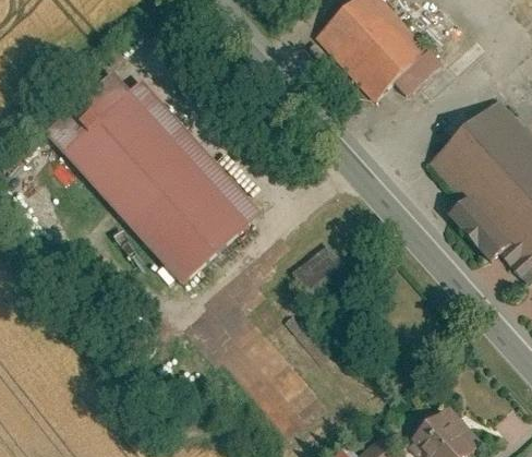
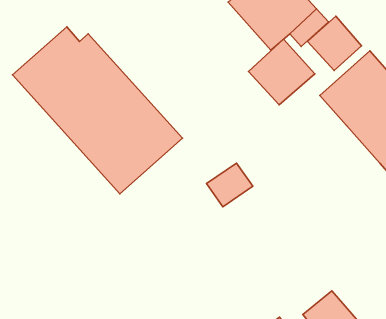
building: none -> [308,16,362,71]
building: none -> [249,39,315,105]
building: [447,195,510,261] -> none

